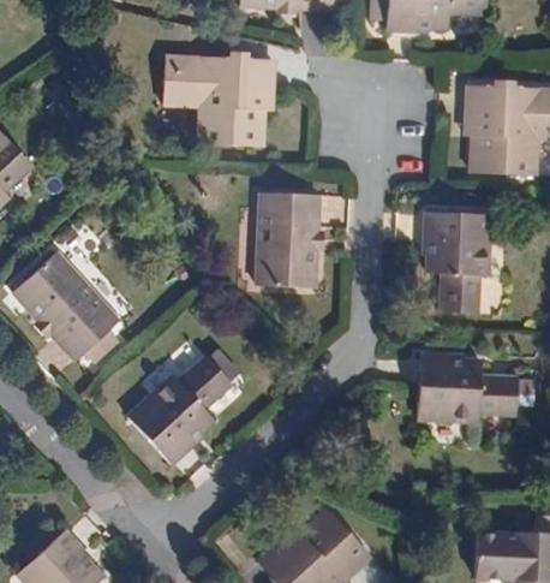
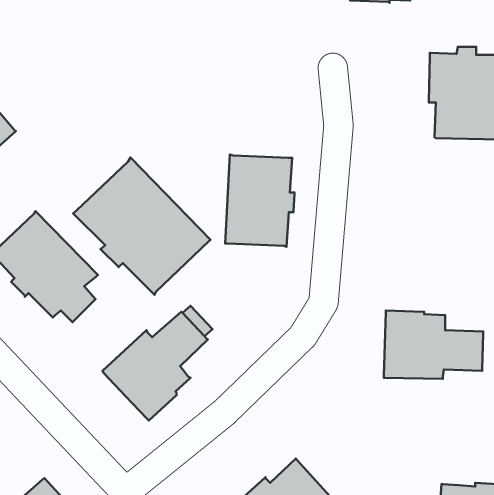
building: [162,49,276,147] -> none
building: none -> [73,157,211,295]
building: [420,213,491,316] -> none

